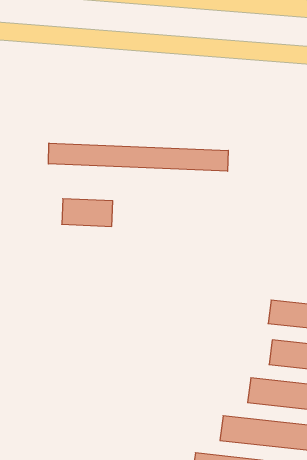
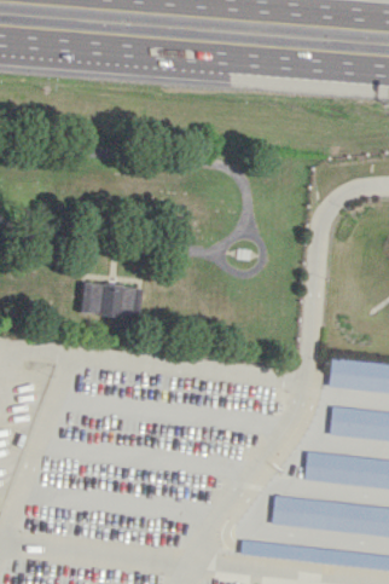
building: [48,143,228,171] -> none
building: [62,199,113,226] -> [81,284,141,317]

